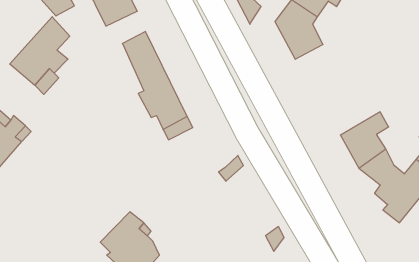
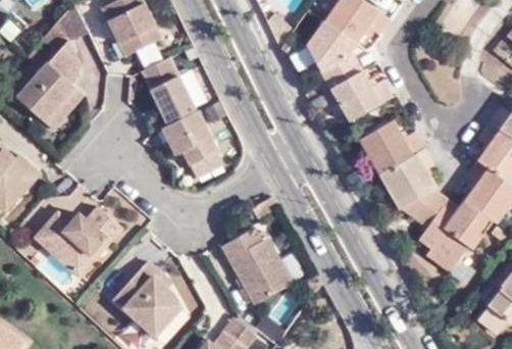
building: none -> [331,74,391,124]
building: none -> [362,122,425,174]
building: none -> [36,206,123,276]
building: none -> [220,230,294,302]

